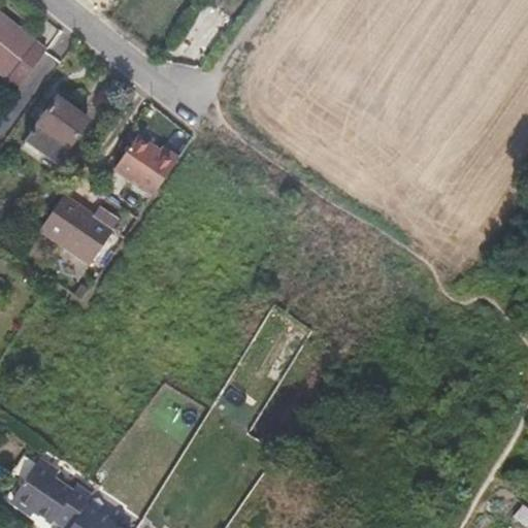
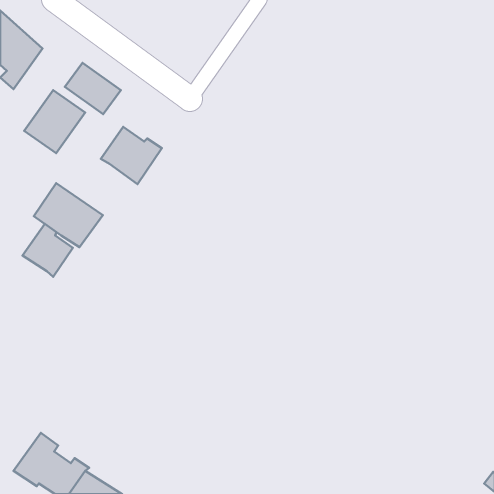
building: none -> [65,63,121,114]
building: none -> [23,224,73,277]

